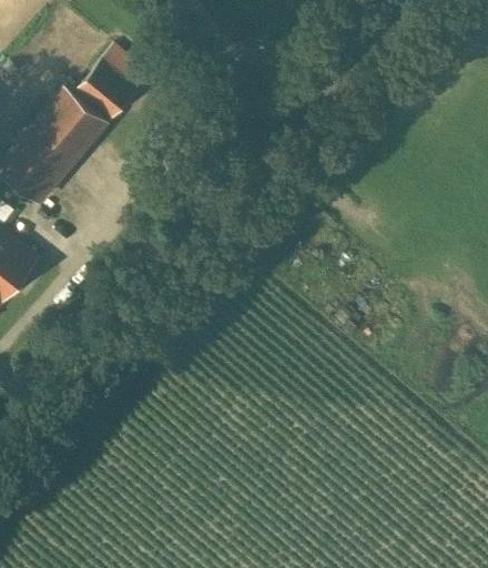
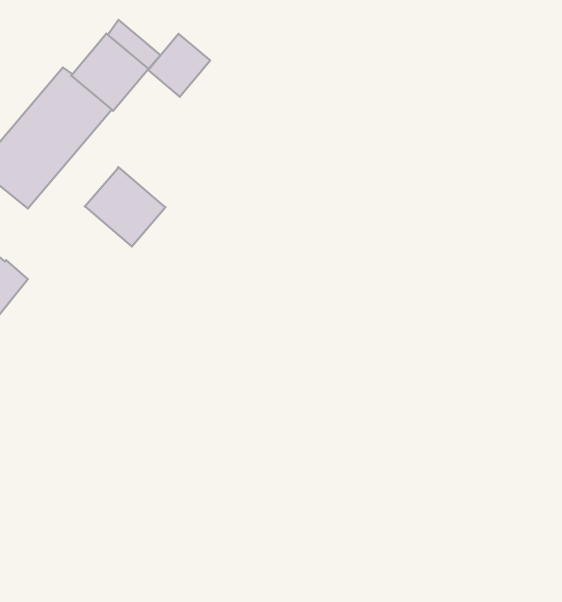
building: none -> [148,34,210,97]
building: none -> [85,167,165,247]

